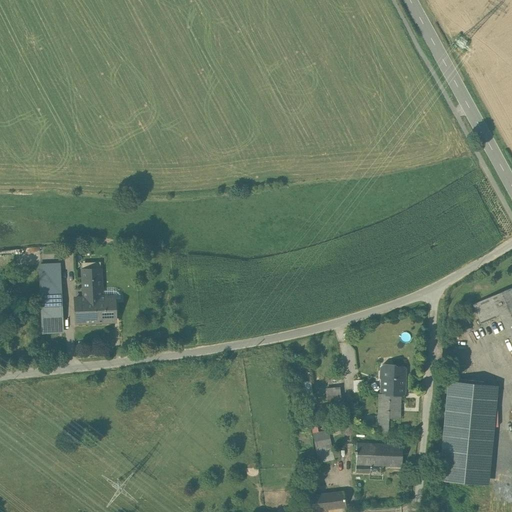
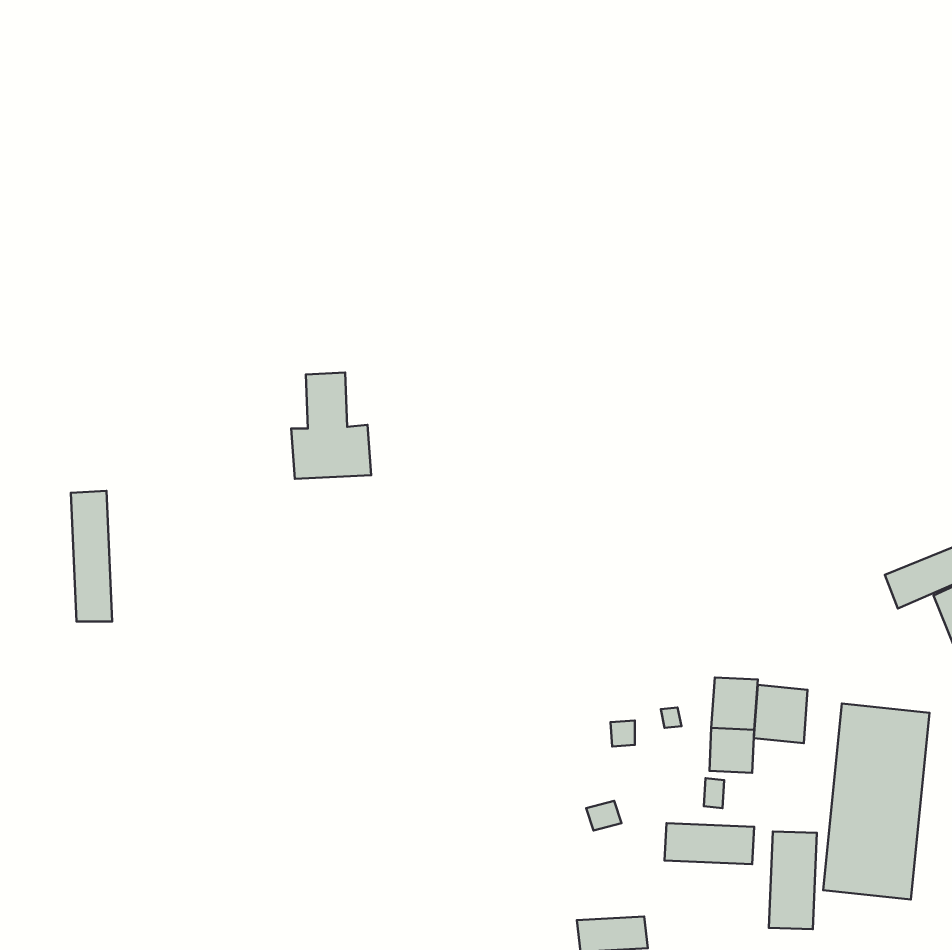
building: [72,268,115,325] -> [291,373,371,479]
building: none -> [754,685,808,743]
building: none -> [769,831,817,929]

